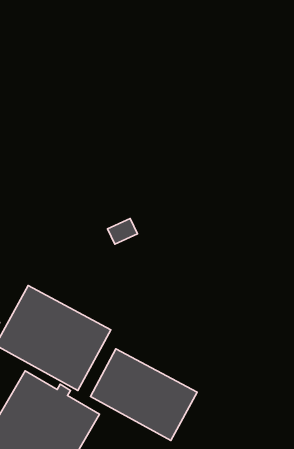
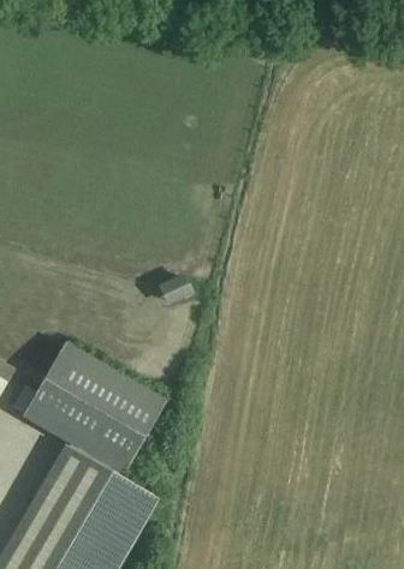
building: [90,349,197,441] -> none

